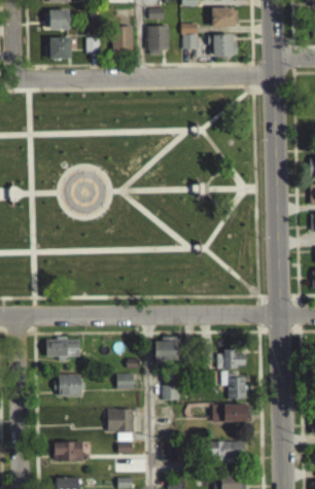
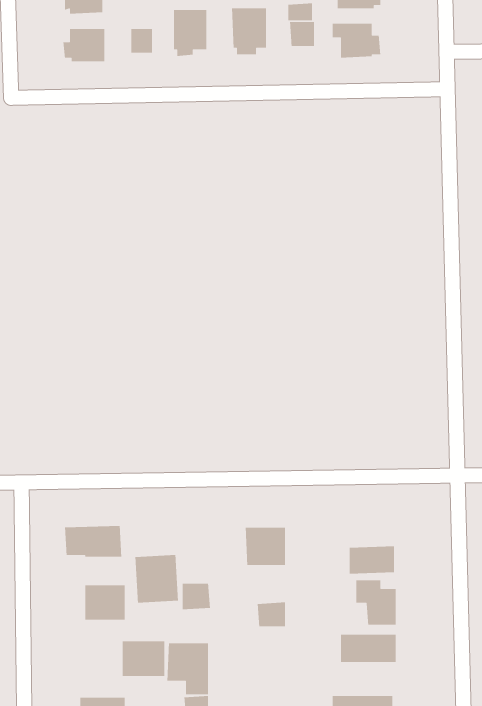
building: none -> [134,554,179,604]
building: none -> [122,641,165,677]

